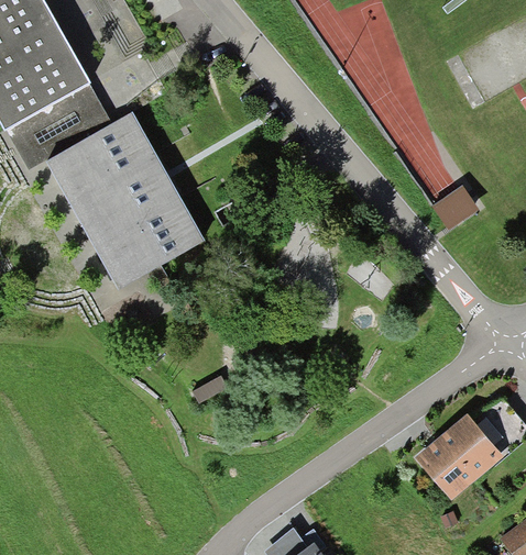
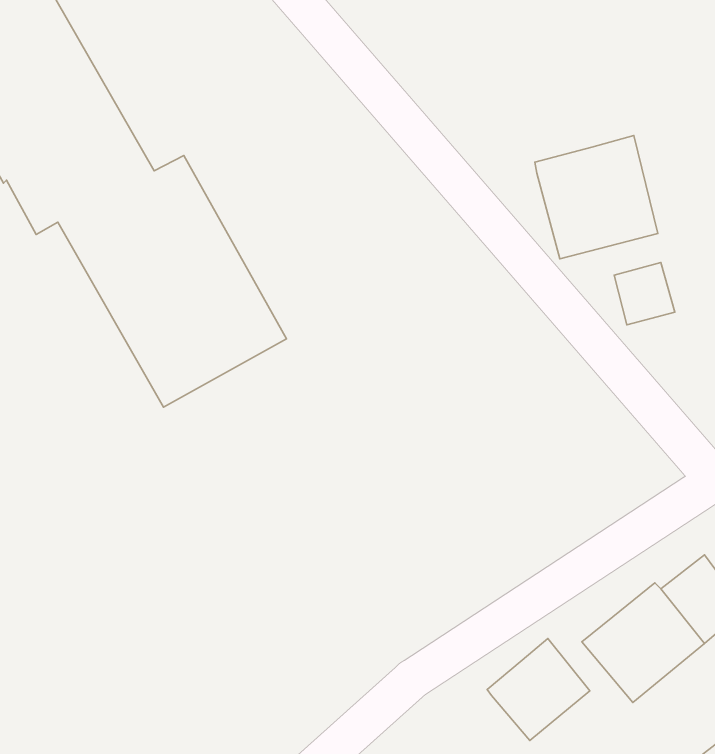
building: none -> [535,135,658,259]
building: none -> [487,638,590,741]

